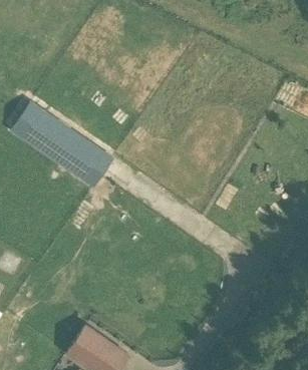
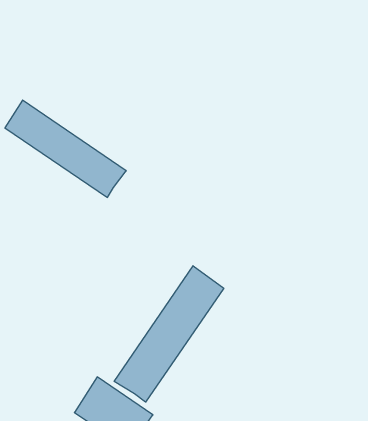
building: none -> [114,266,224,402]

